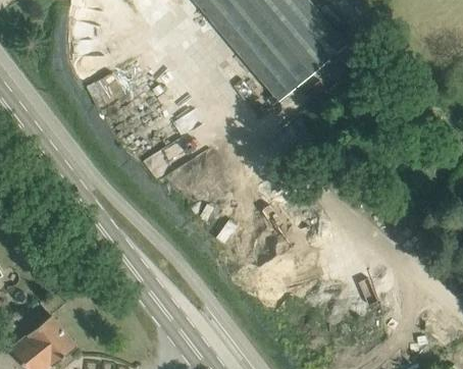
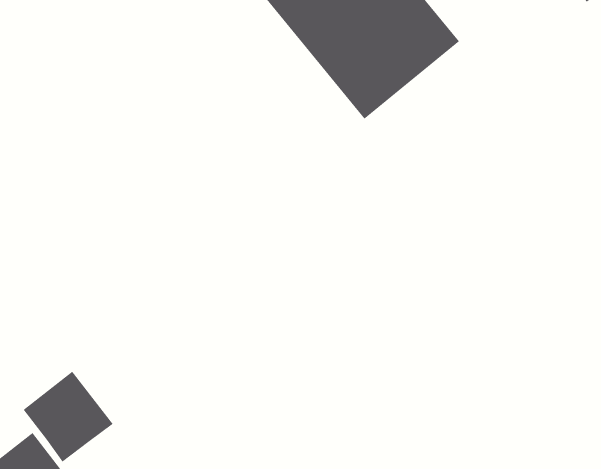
building: none -> [23,371,114,462]

